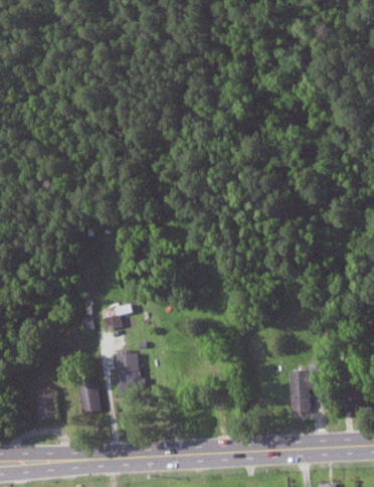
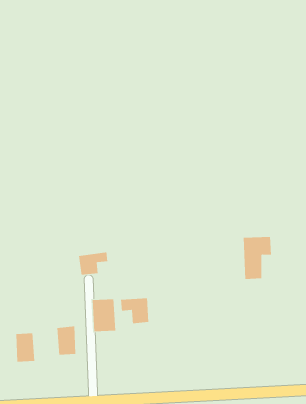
building: none -> [120,297,149,324]
building: [290,368,320,413] -> [243,237,272,279]

